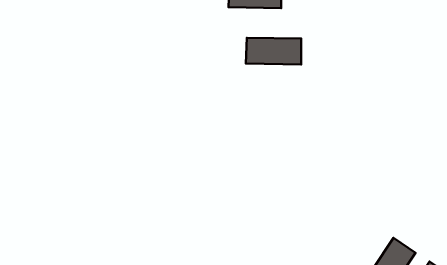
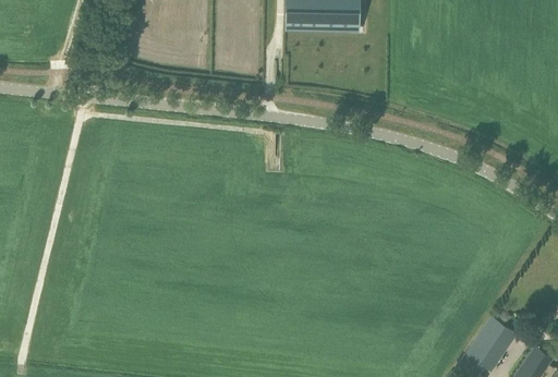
building: [246,38,301,65] -> none

